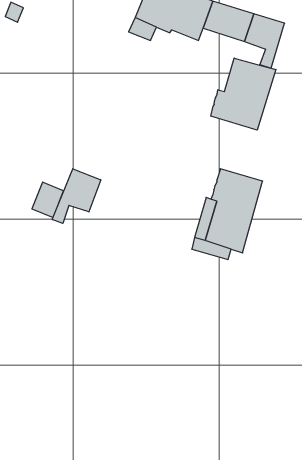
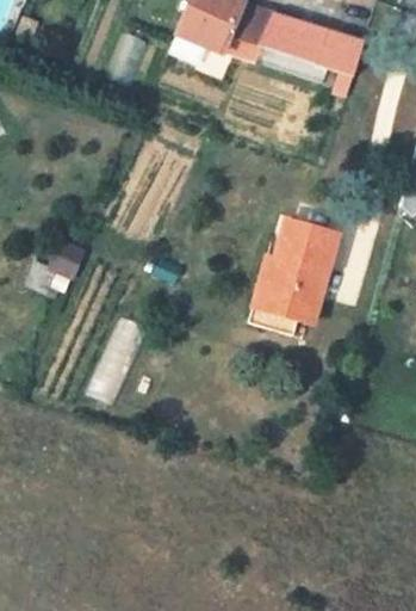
building: [211,58,276,130] -> none
building: [52,169,101,223] -> none

